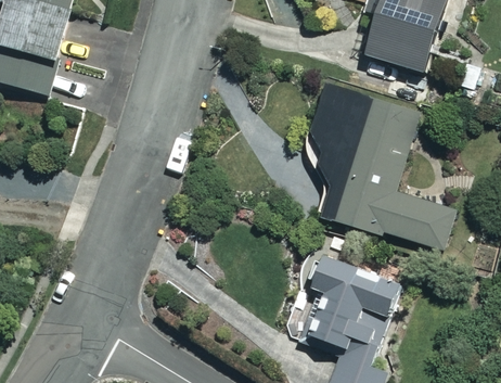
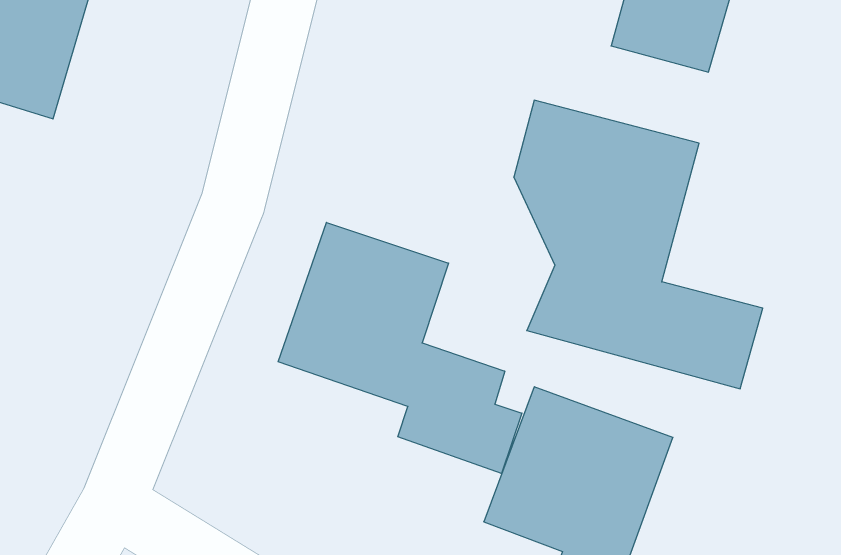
building: none -> [278,222,522,474]

